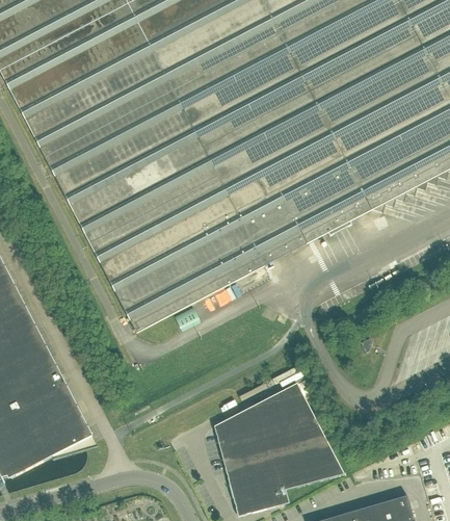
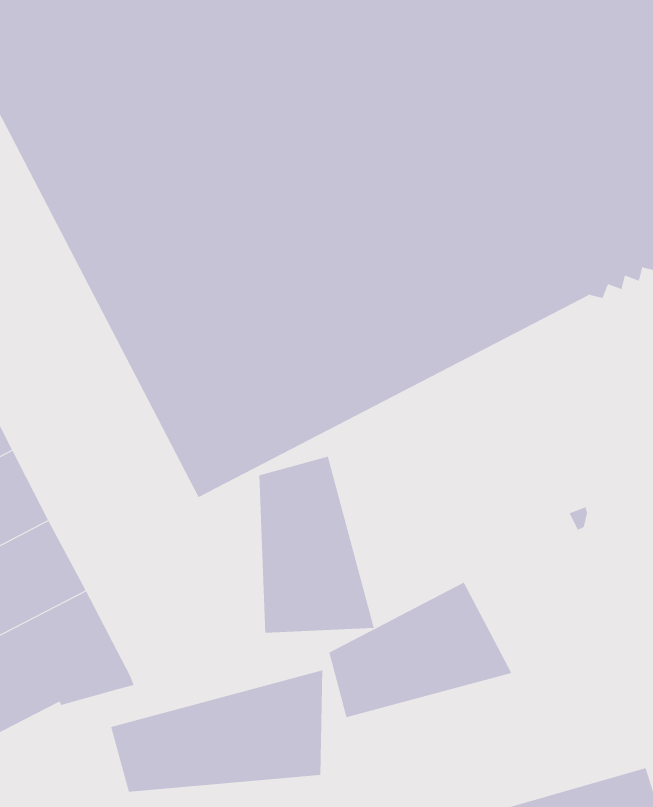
building: none -> [259,456,375,633]
building: none -> [110,670,323,793]
building: [224,438,343,515] -> none

